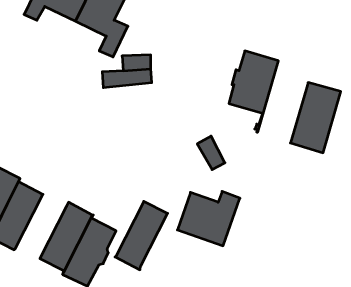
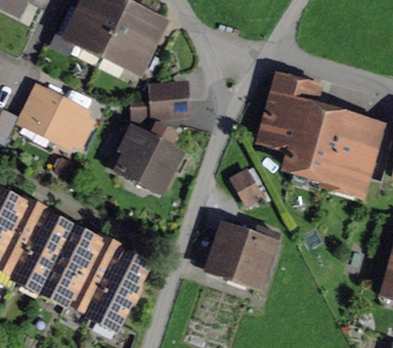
building: none -> [293,93,345,178]
building: none -> [34,94,84,142]
building: none -> [115,128,177,188]
building: [115,201,168,270] -> [41,231,95,302]

